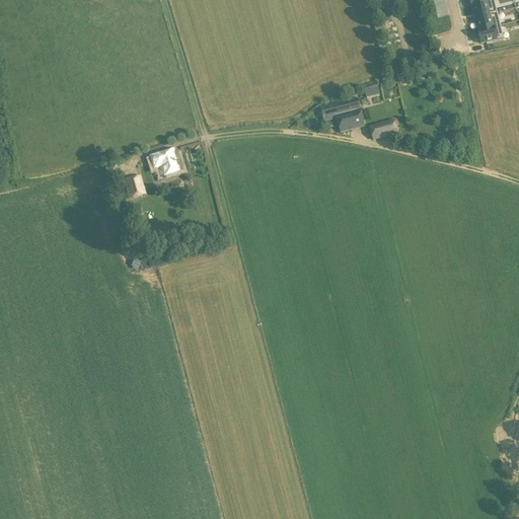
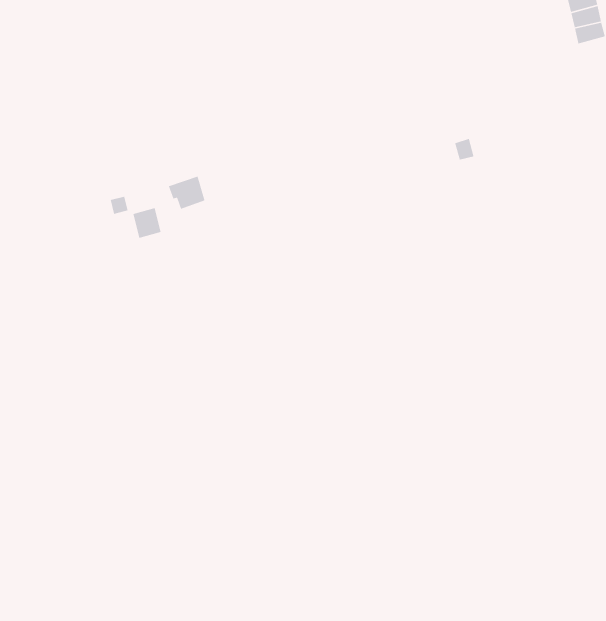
building: [318,97,362,130] -> none

